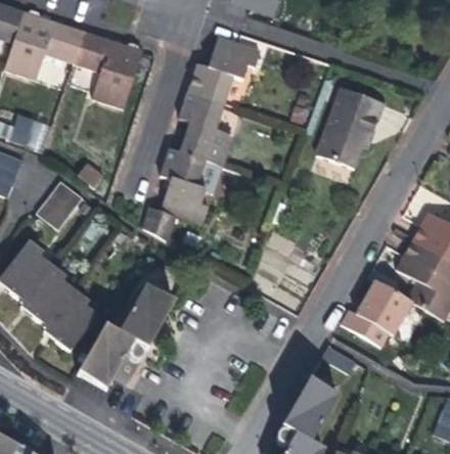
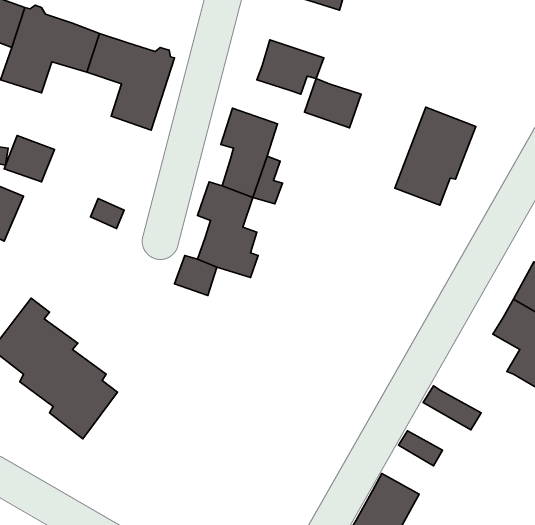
building: [189,62,234,101] -> [305,79,361,128]
building: [36,180,83,228] -> none
building: [355,279,412,334] -> none
building: [79,284,174,389] -> none

